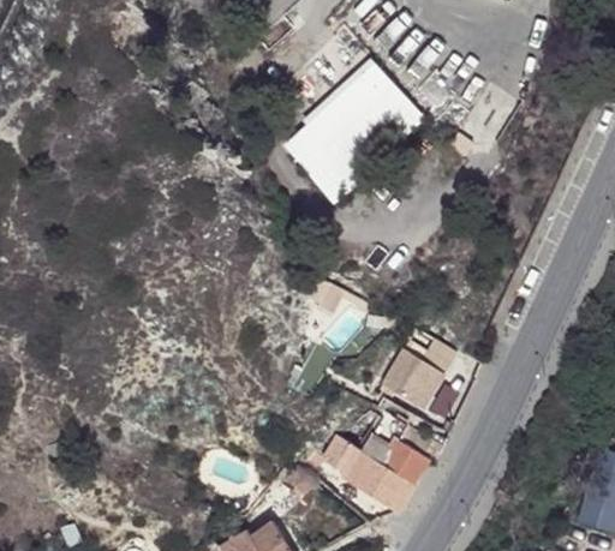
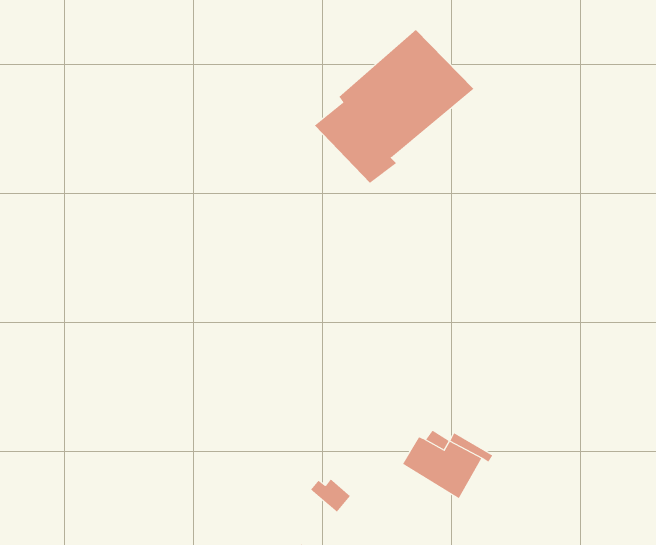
building: [378,339,448,417] -> none
building: [322,433,411,505] -> none

